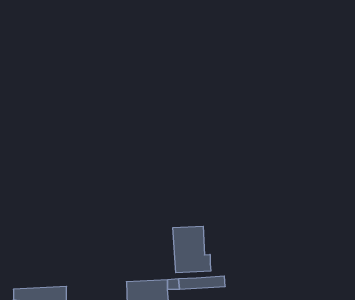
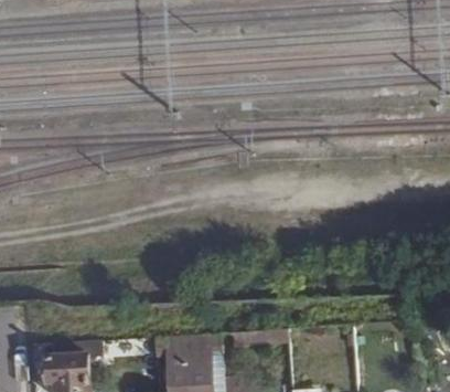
building: [173,226,211,273] -> none

